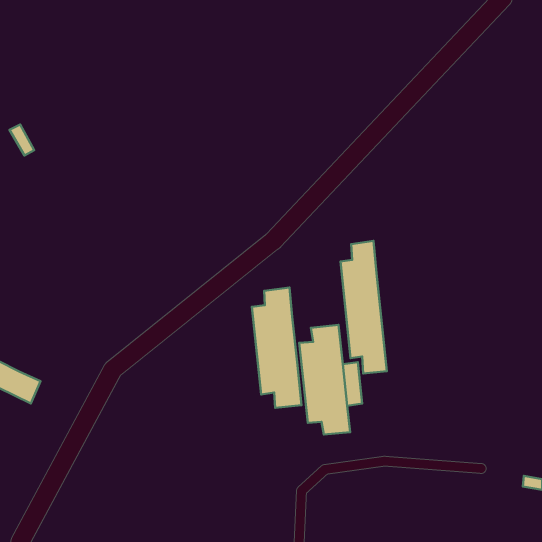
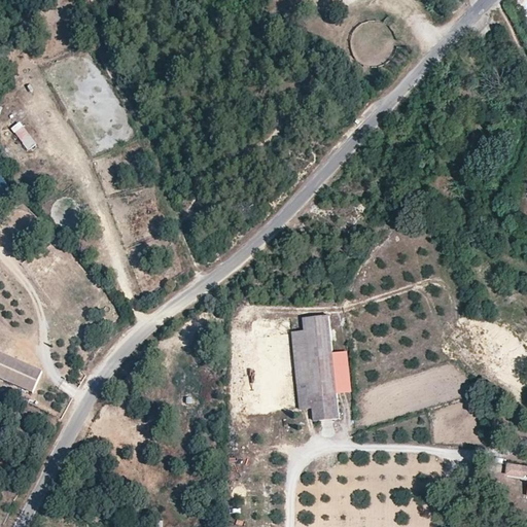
building: [340,241,387,373] -> none
building: [252,288,302,408] -> none

